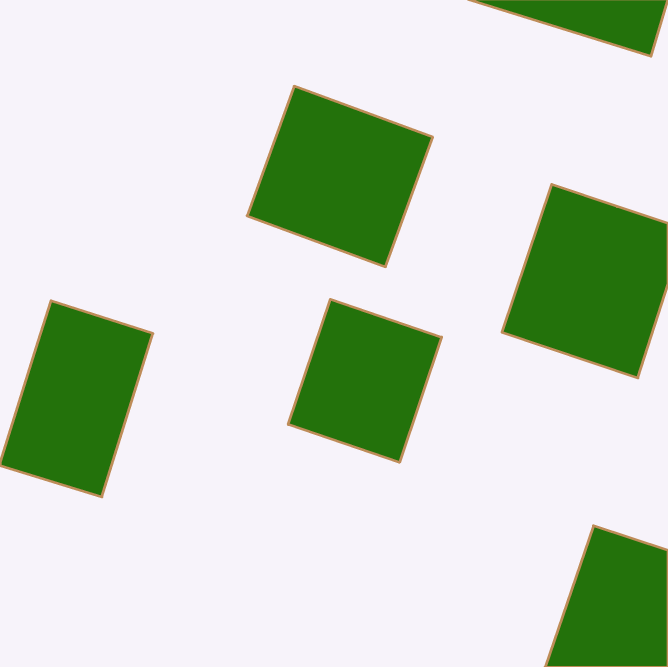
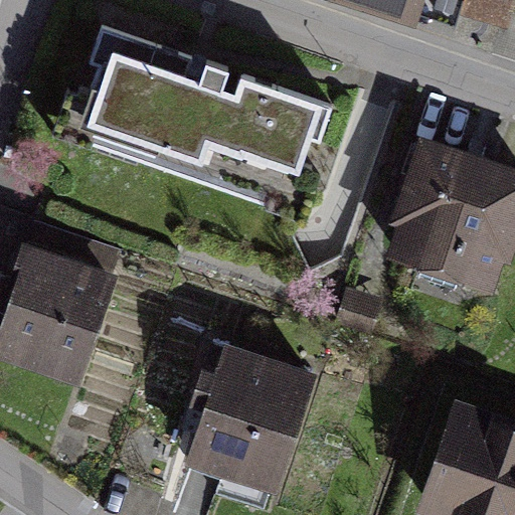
building: none -> [62,23,226,166]
building: [288,299,442,462] -> none
building: none -> [187,341,311,490]

